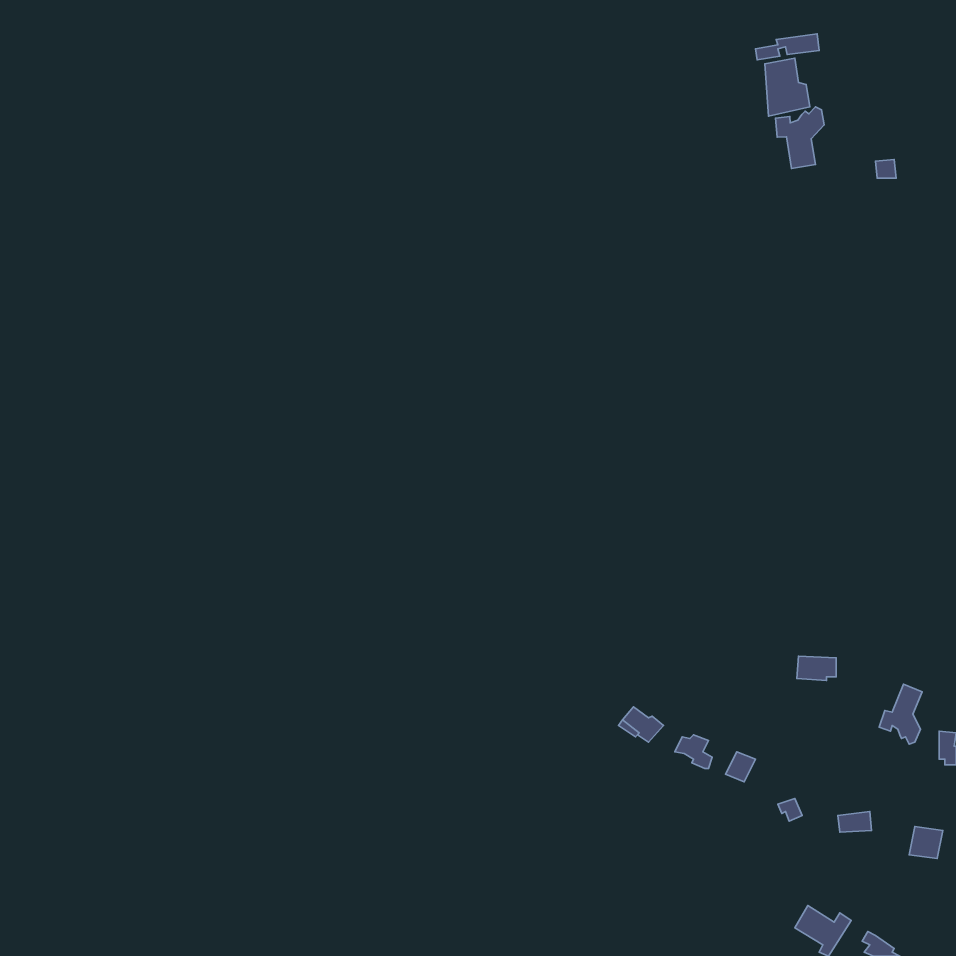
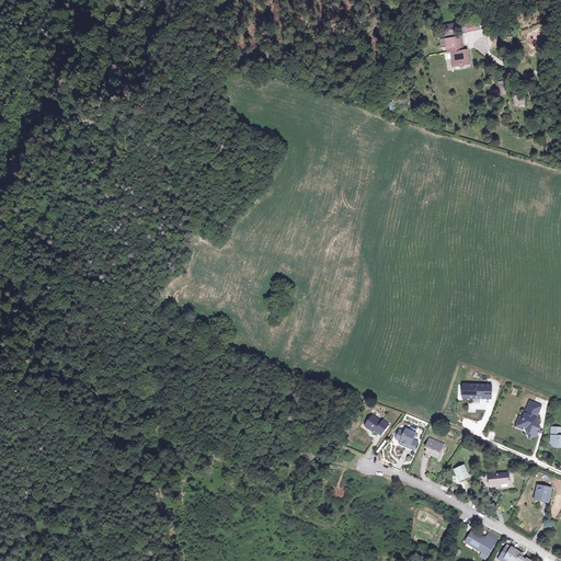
building: [775,107,824,168] -> none

